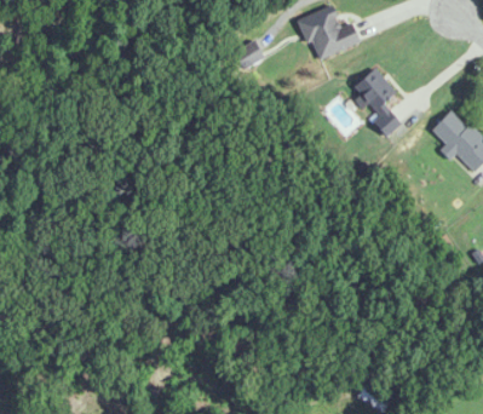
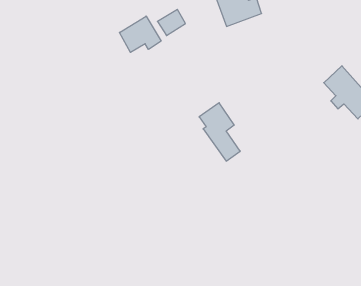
building: none -> [119,16,161,52]
building: [352,67,402,137] -> [199,103,240,161]

